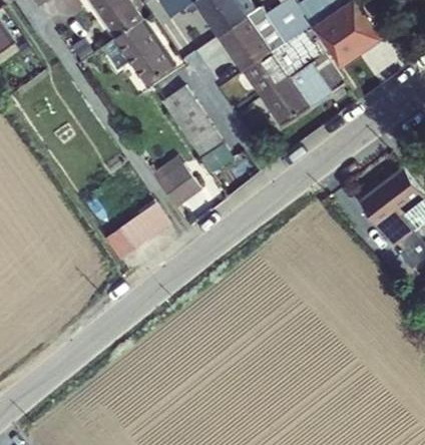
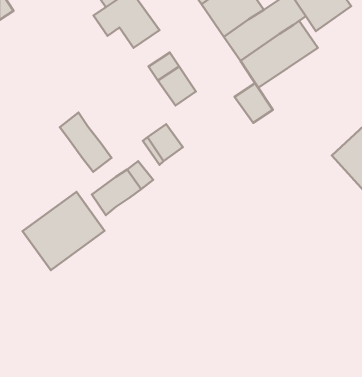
building: [190,129,232,172] -> [235,83,273,123]
building: none -> [60,112,112,172]
building: none -> [23,192,105,270]

